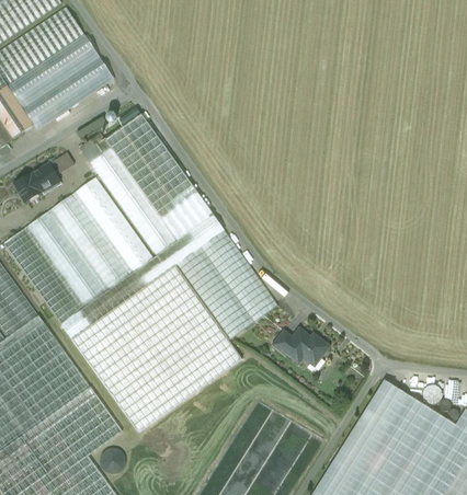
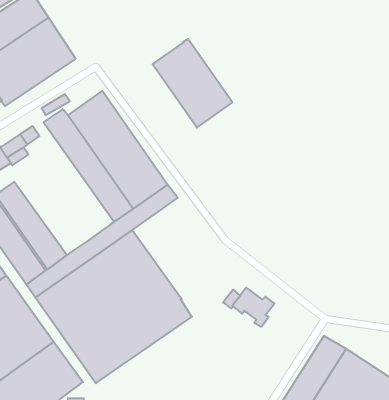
building: none -> [153,39,232,128]
building: [76,177,153,273] -> none
building: [52,195,128,289] -> none
building: [175,230,277,341] -> none

